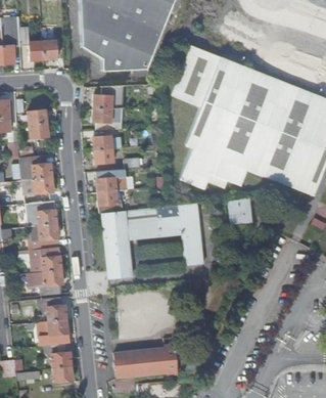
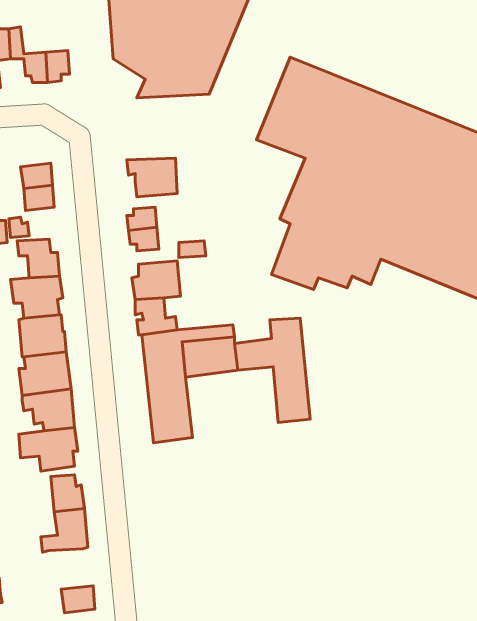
building: [91,85,122,107] -> none
building: [229,198,252,224] -> none
building: [45,344,72,368] -> none
building: [113,344,178,379] -> none

